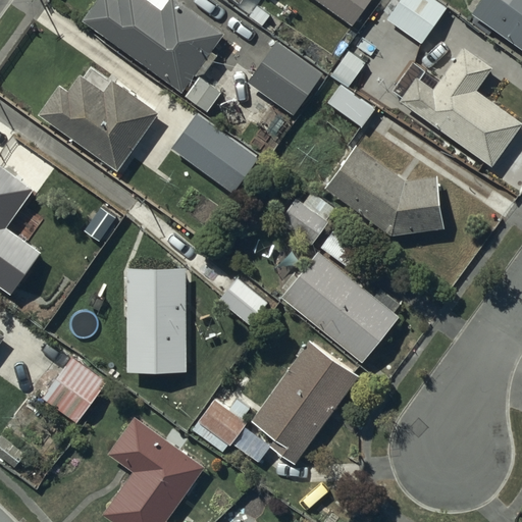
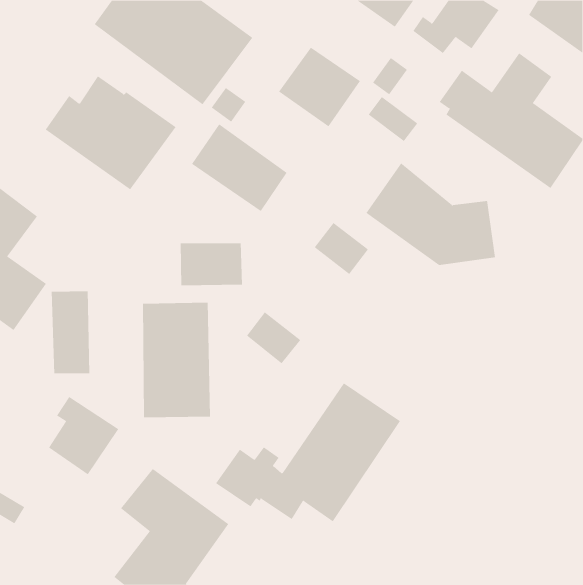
building: none -> [180,242,242,286]
building: [281,252,399,362] -> none
building: none -> [51,290,90,374]

